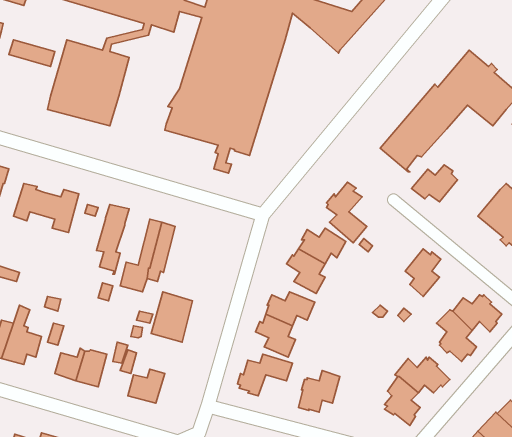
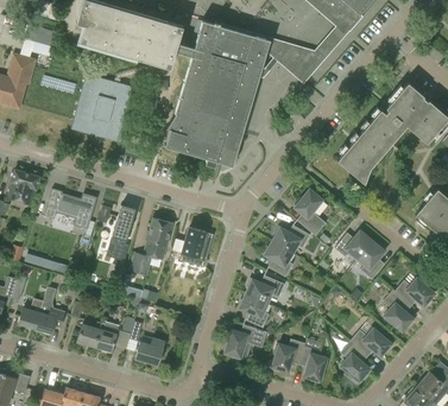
building: [411,165,457,202] -> [334,229,371,259]
building: [151,292,193,342] -> [179,227,213,267]
building: none -> [298,343,327,382]

